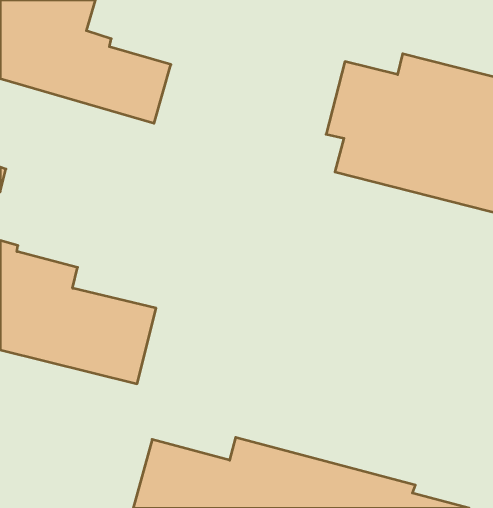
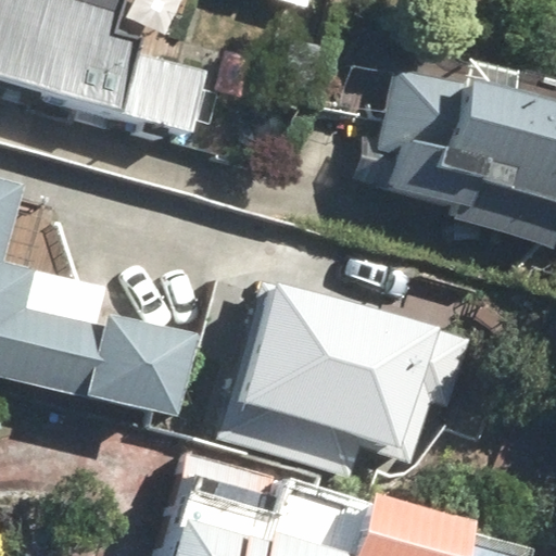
building: none -> [240,281,440,438]

